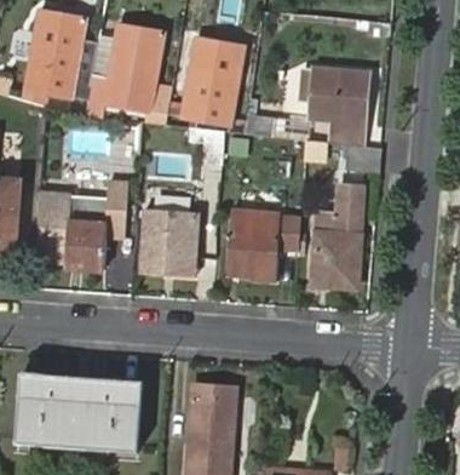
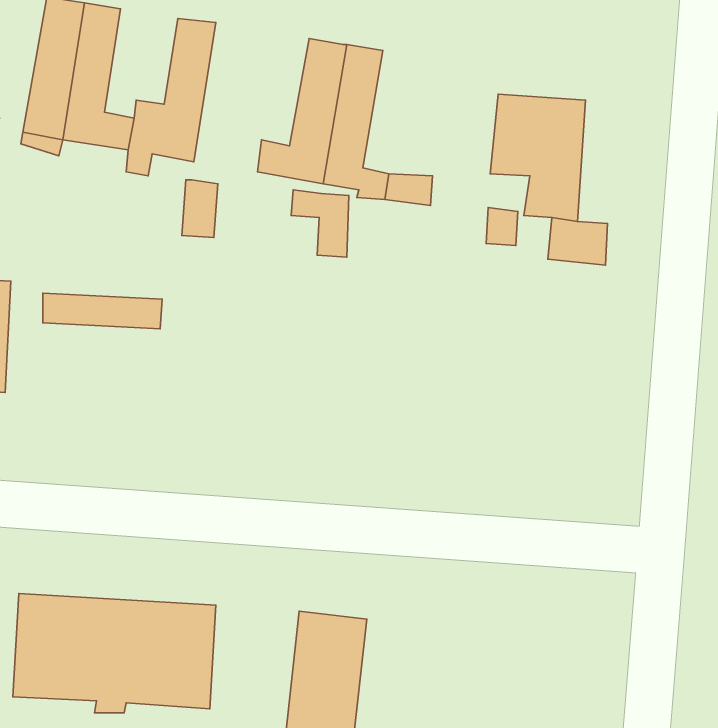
building: [128,25,169,116] -> none
building: [311,184,366,285] -> none
building: [140,208,197,275] -> none
building: [225,212,299,284] -> none
building: [65,223,107,273] -> none

